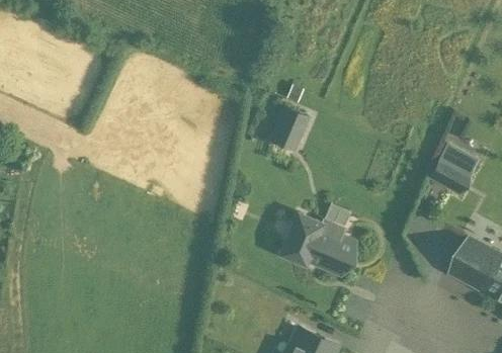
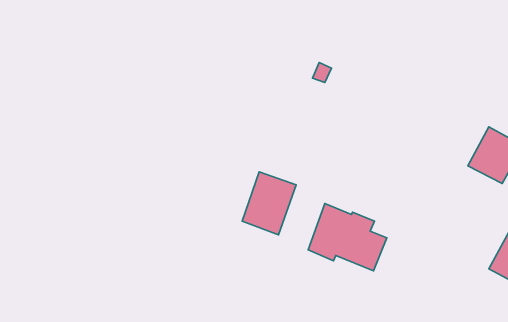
building: [270,106,307,150] -> none
building: none -> [242,172,296,235]

